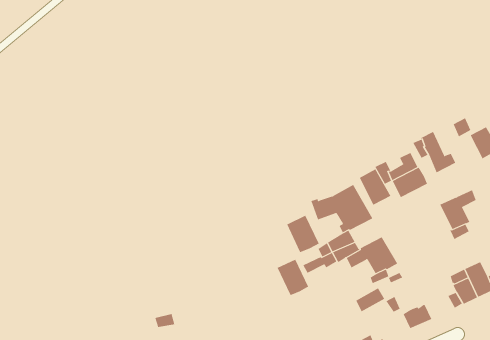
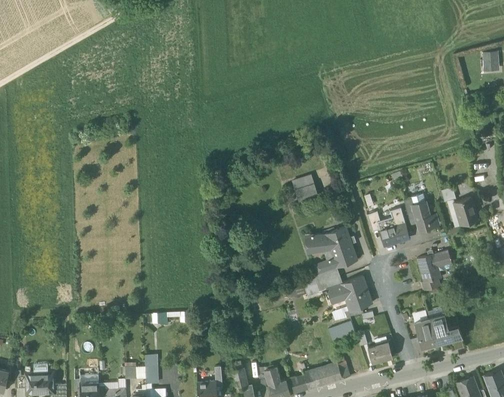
building: none -> [292,176,318,203]
building: [359,168,391,205] -> none
building: [286,215,319,253] -> none
building: [277,259,309,296] -> none

